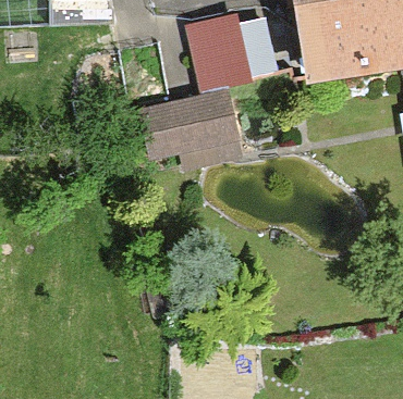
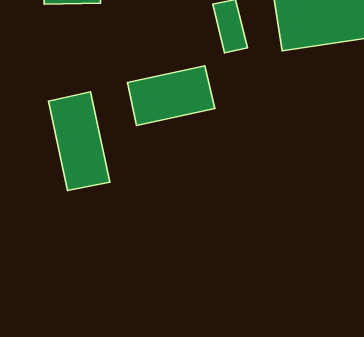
building: none -> [48,92,110,190]

